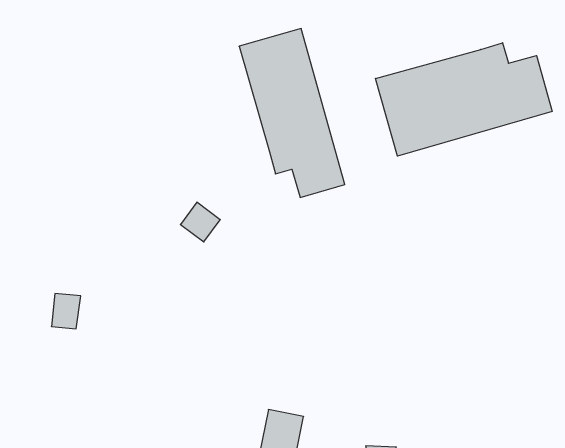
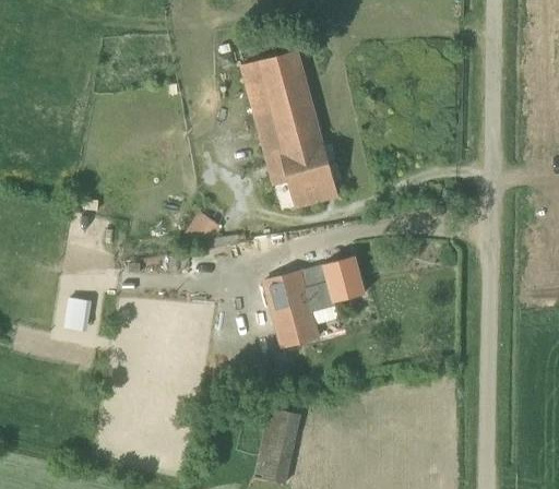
building: [375,43,552,156] -> none
building: none -> [265,255,365,347]

